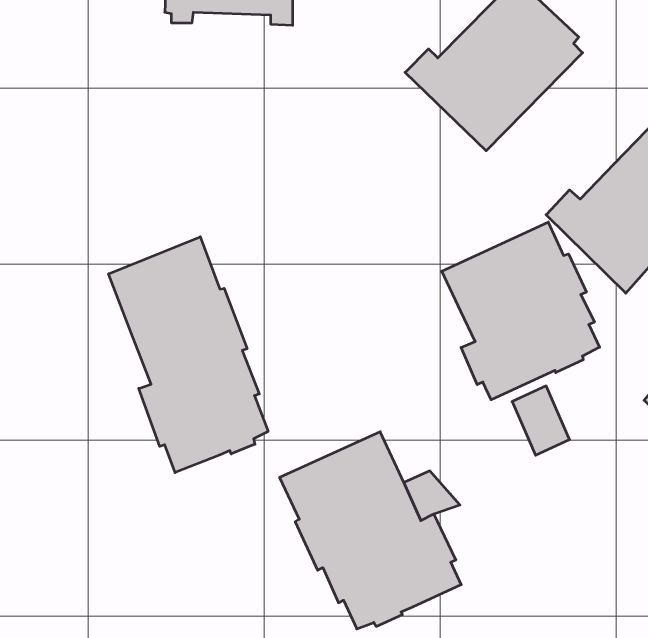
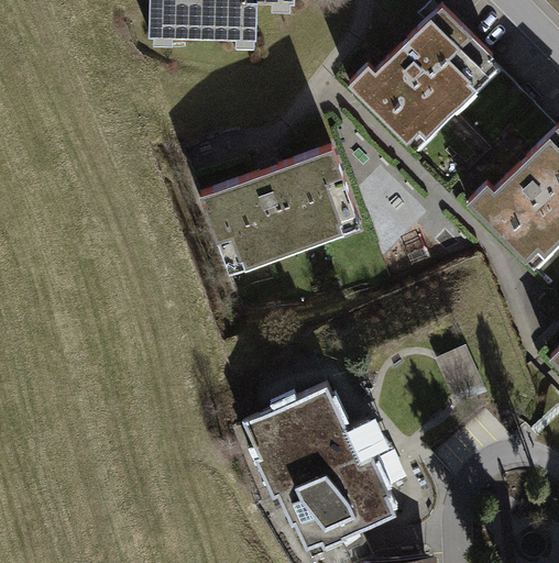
building: none -> [199,147,361,273]
building: [442,222,600,400] -> none
building: [109,237,268,473] -> none

